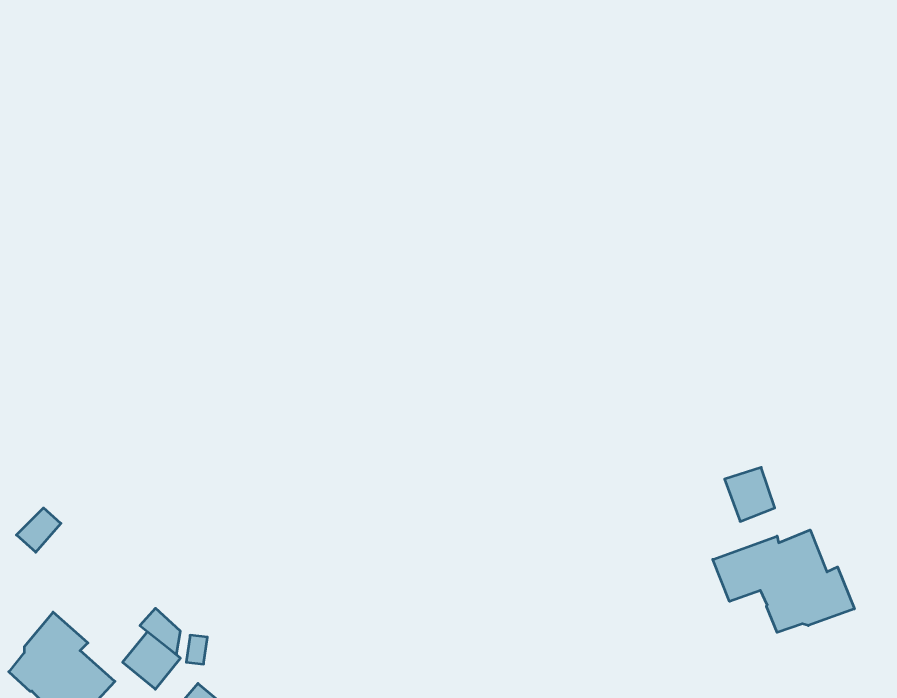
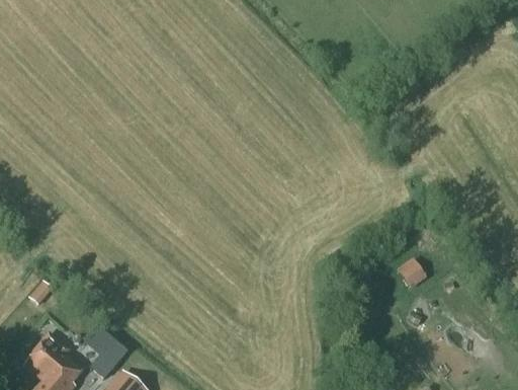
building: [713,530,854,632] -> none

